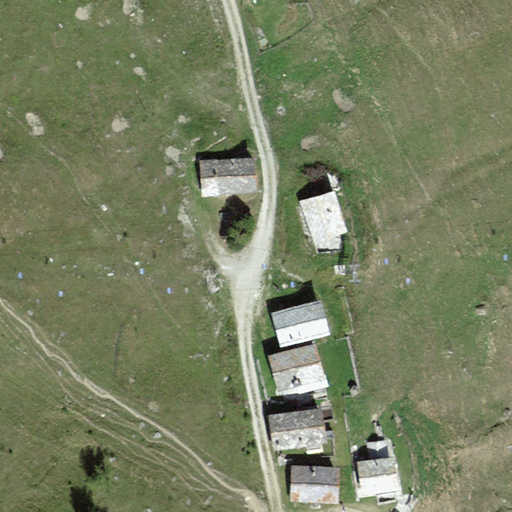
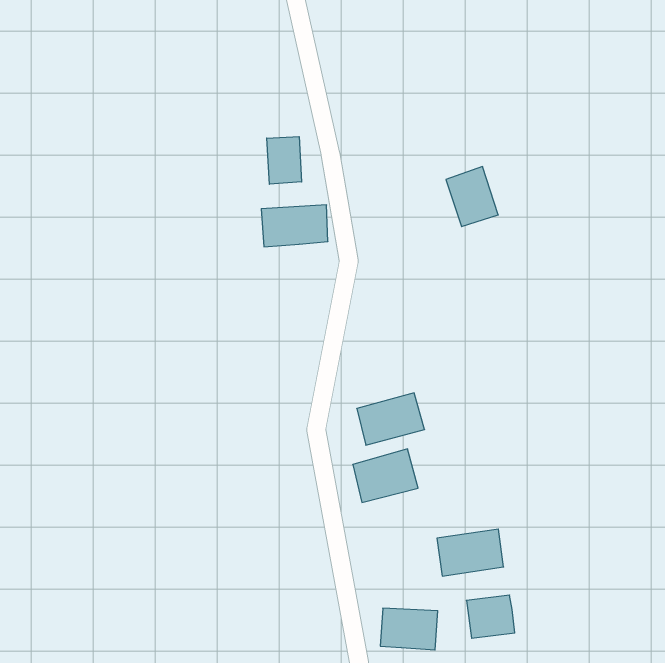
building: none -> [267,137,302,184]
building: [302,191,342,237] -> [446,167,498,227]
building: [270,408,321,444] -> [437,529,504,576]

